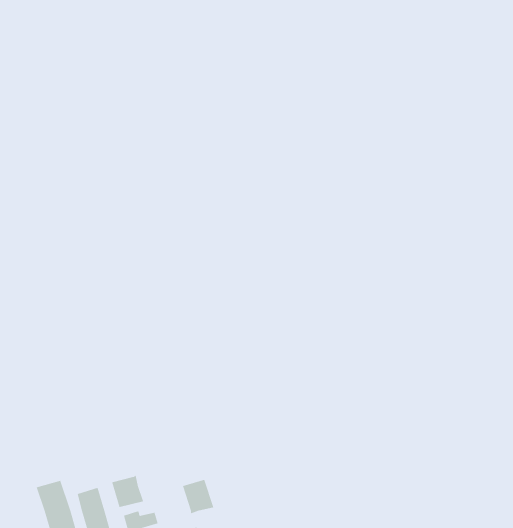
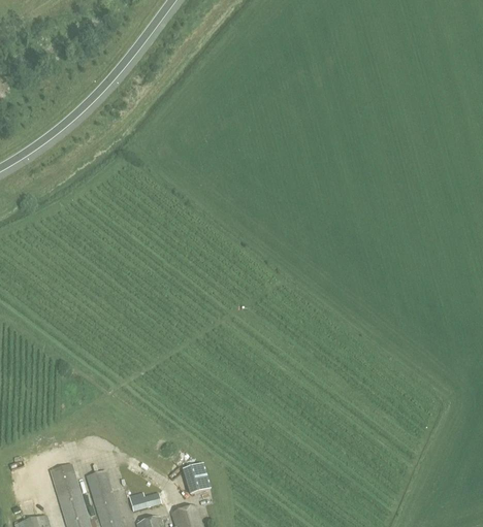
building: [112,474,144,508] -> none

